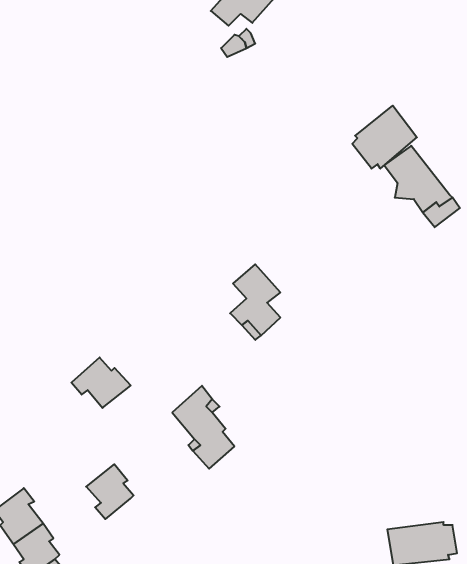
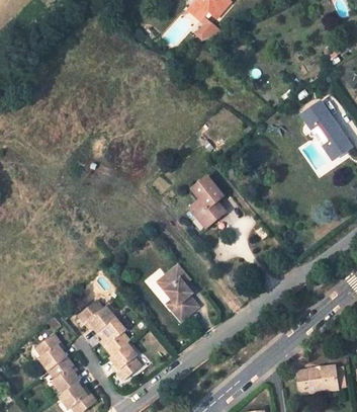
building: [352,106,417,169] -> none
building: [71,357,131,408] -> [75,301,115,335]
building: none -> [107,343,142,383]

